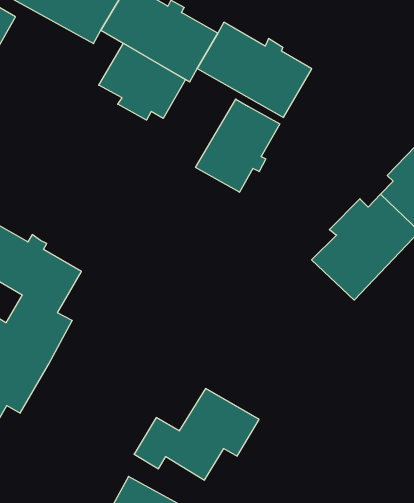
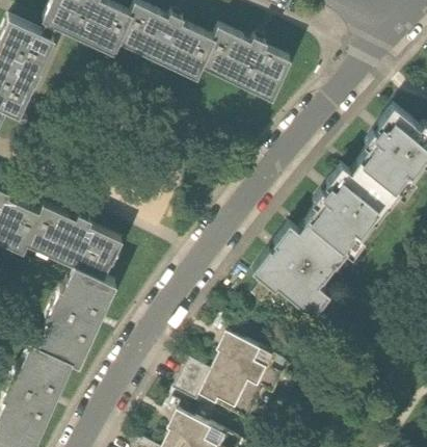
building: [99,43,186,120] -> none
building: [196,99,280,192] -> none
building: none -> [255,220,349,309]

